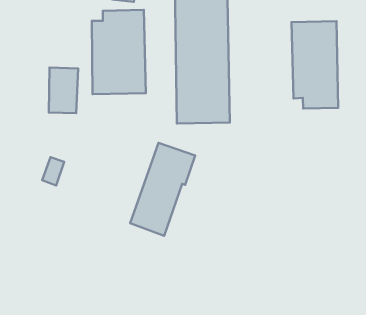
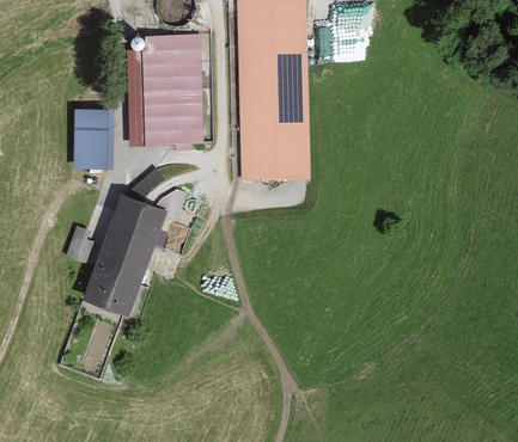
building: [291,21,338,108] -> none
building: [130,143,195,236] -> [86,194,171,315]

